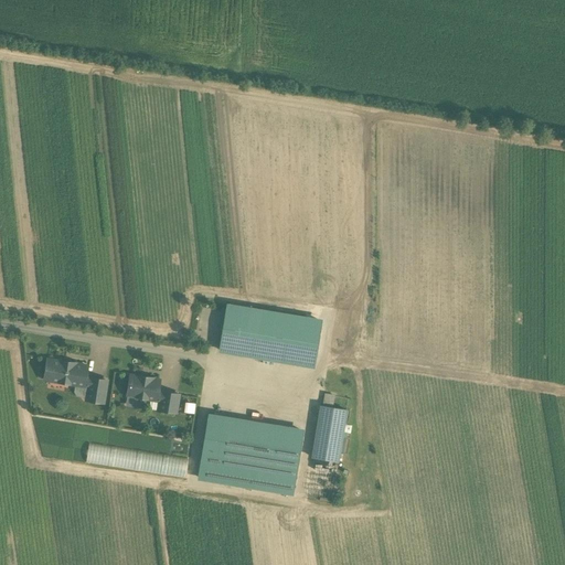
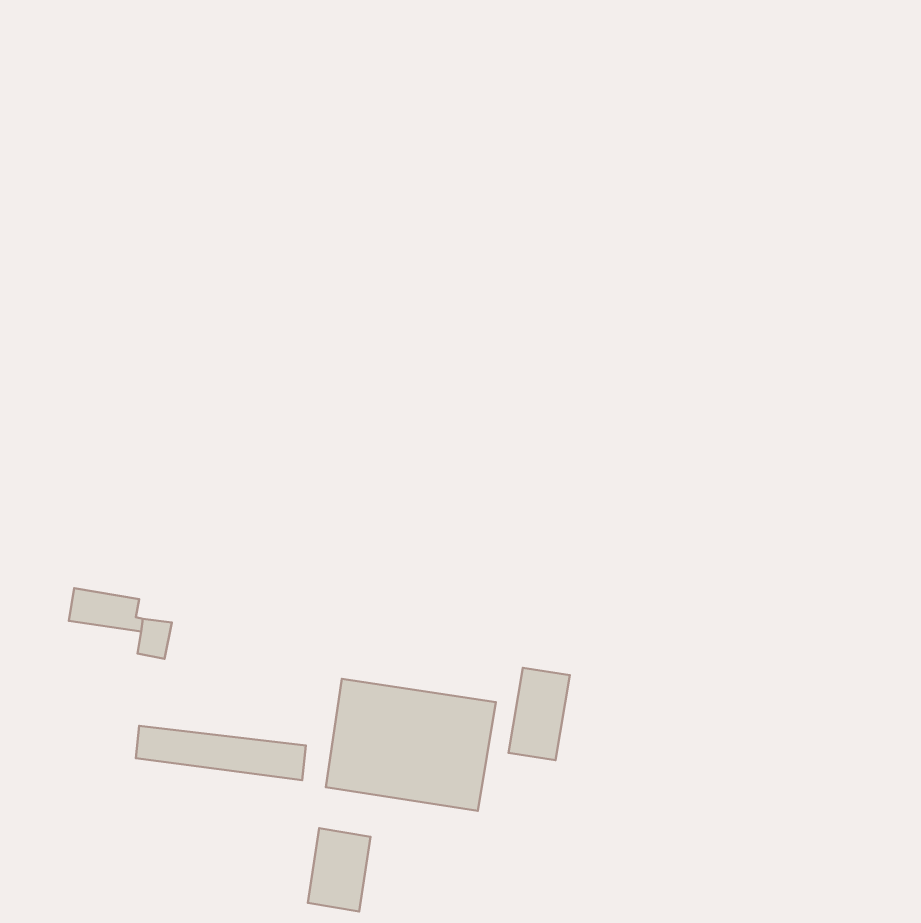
building: [217,303,322,369] -> none
building: [124,372,179,413] -> none
building: none -> [308,828,371,911]

